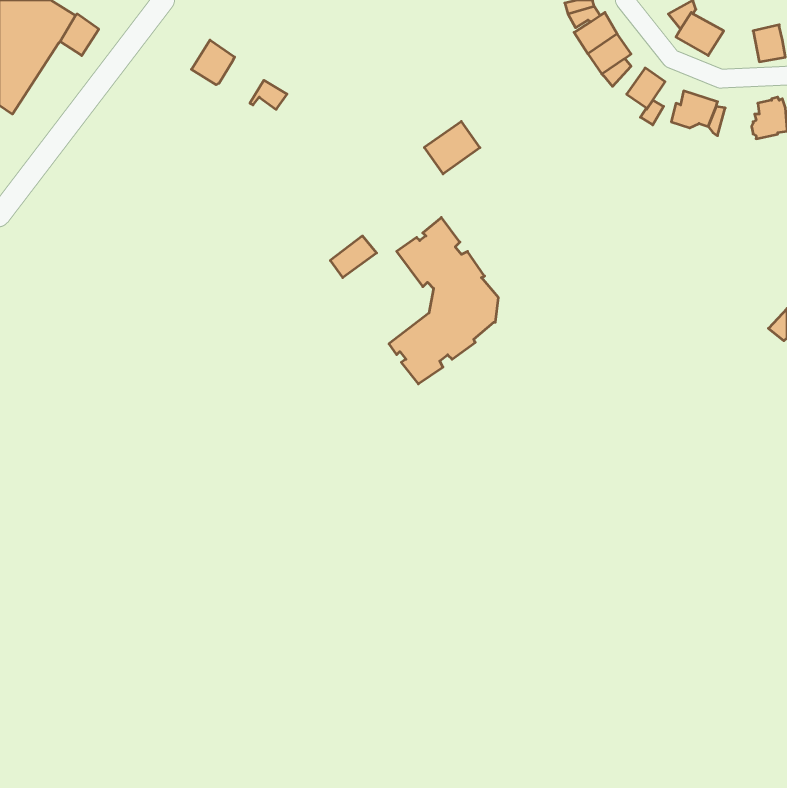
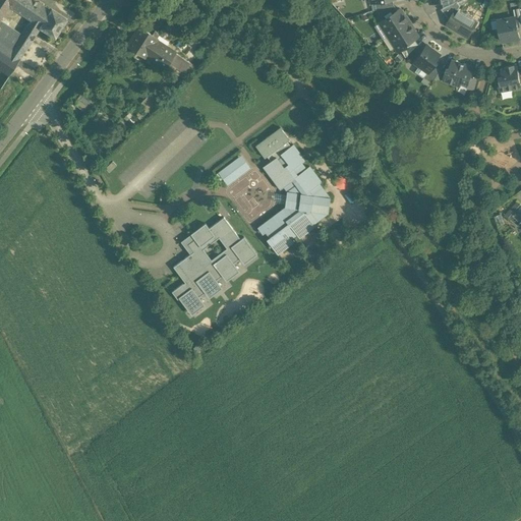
building: none -> [144,40,174,68]
building: [424,121,480,174] -> [255,126,292,161]
building: none -> [172,217,255,314]

